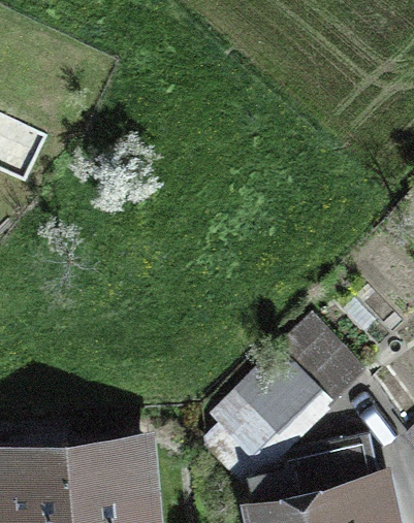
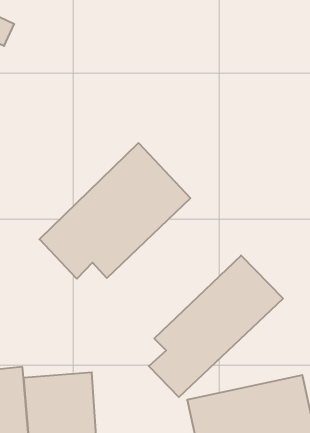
building: none -> [39,143,190,279]

